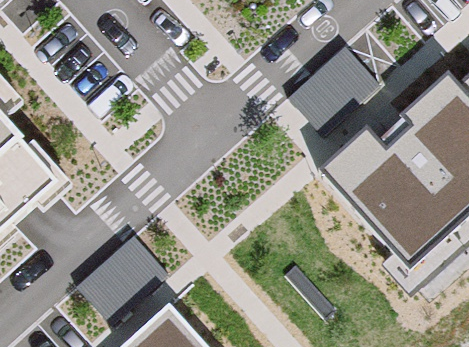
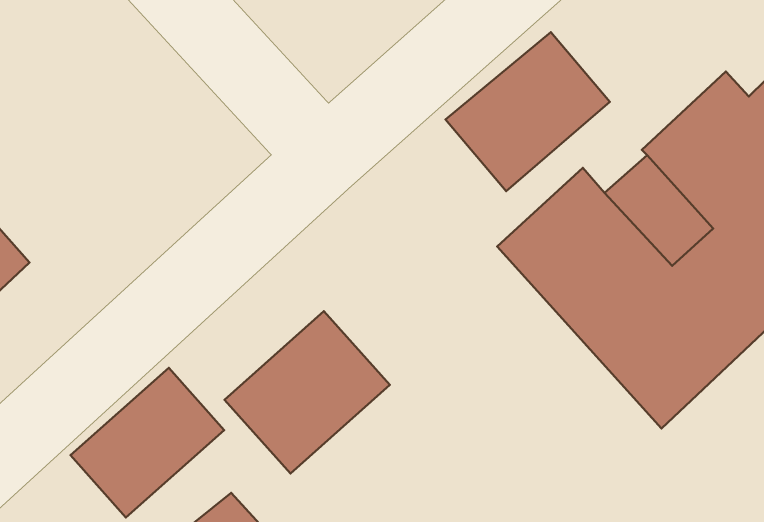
building: none -> [225,311,390,473]

